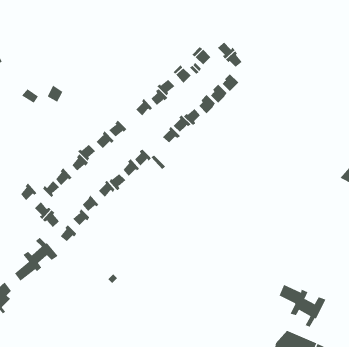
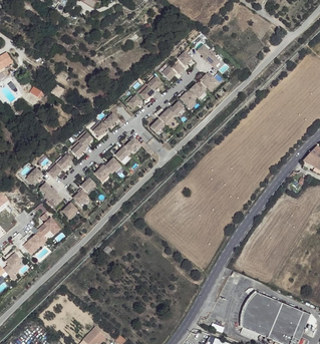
building: [279,284,326,328] -> none

